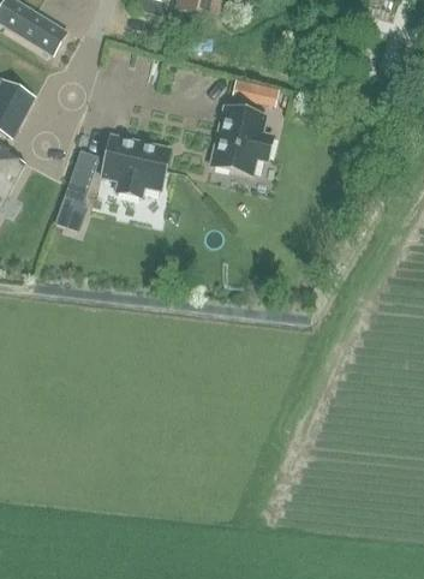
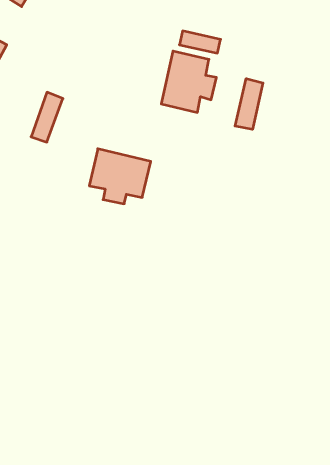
building: [100,133,169,196] -> [89,149,151,204]
building: none -> [235,79,263,129]

